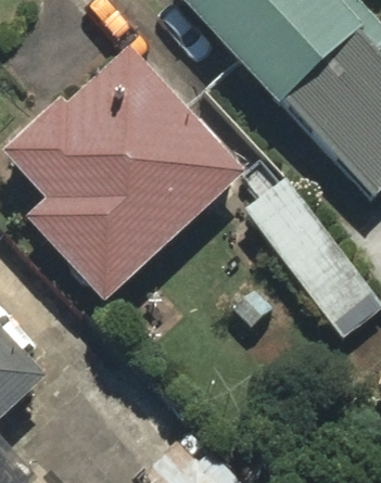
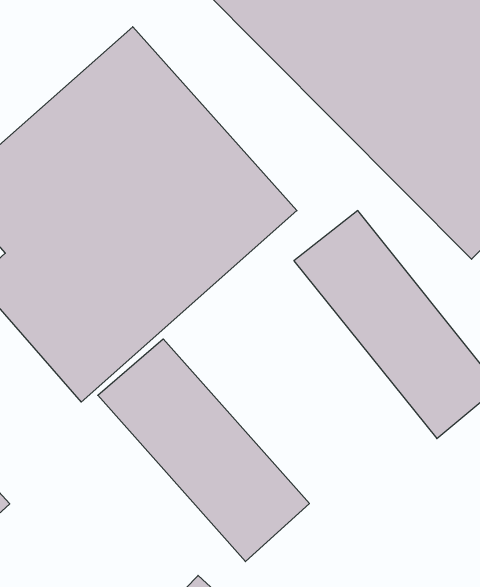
building: none -> [98,339,309,562]

